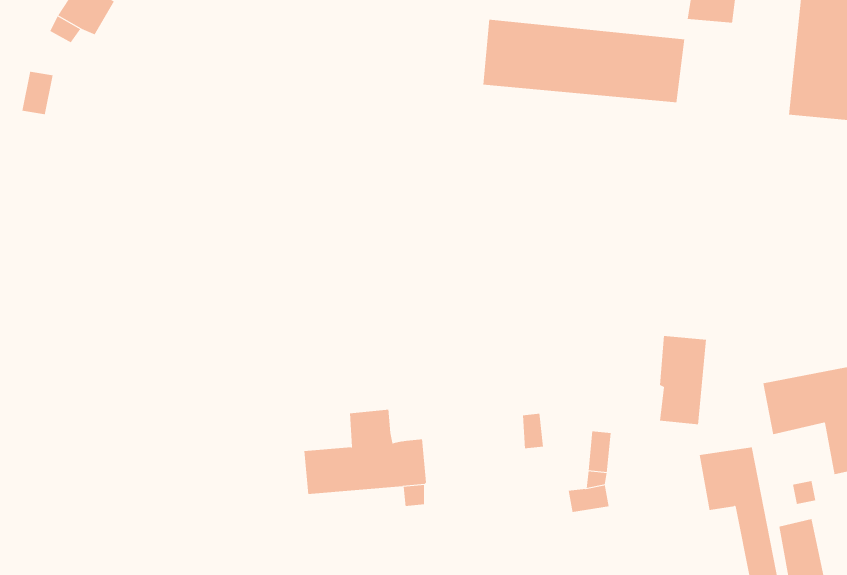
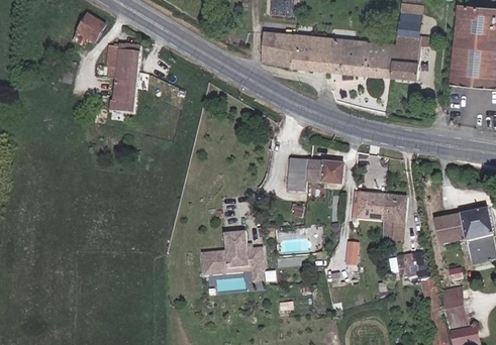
building: none -> [262,30,295,67]
building: none -> [391,33,420,79]
building: none -> [105,42,139,112]
building: none -> [287,157,343,191]
building: none -> [352,191,384,219]

